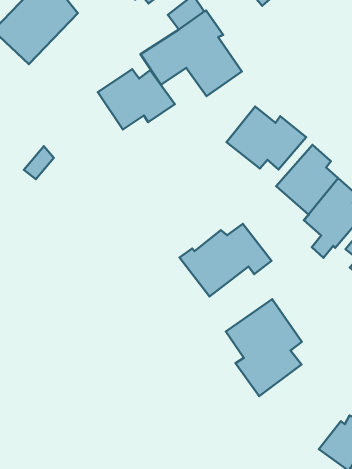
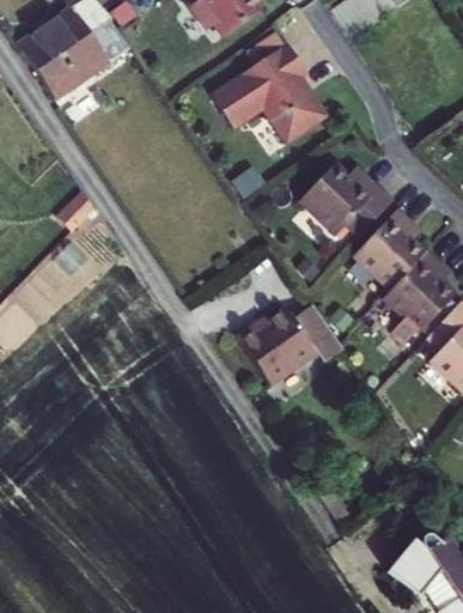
building: [98,69,175,129] -> none
building: [226,299,302,396] -> none

